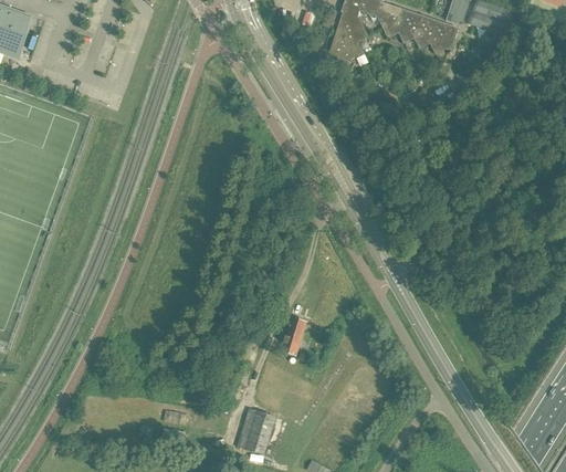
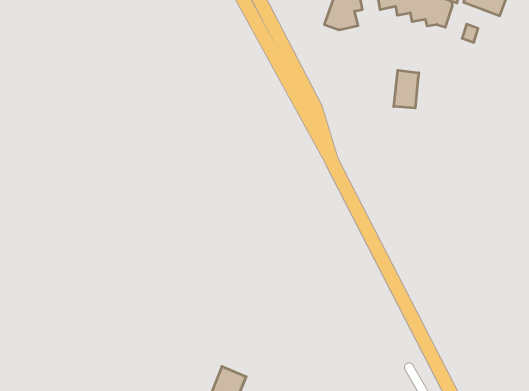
building: none -> [394,70,419,108]
building: [280,317,305,355] -> none

